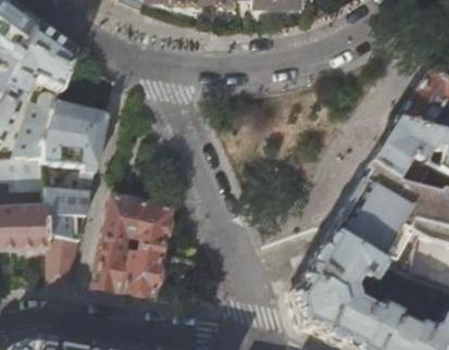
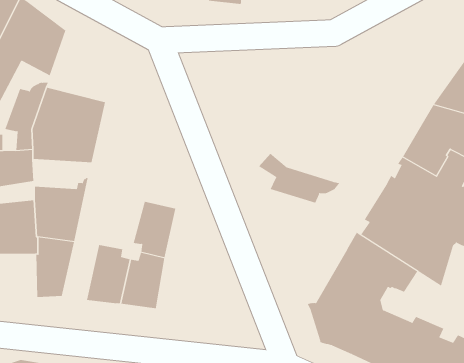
building: none -> [258,153,340,204]
building: [103,193,144,242] -> none

